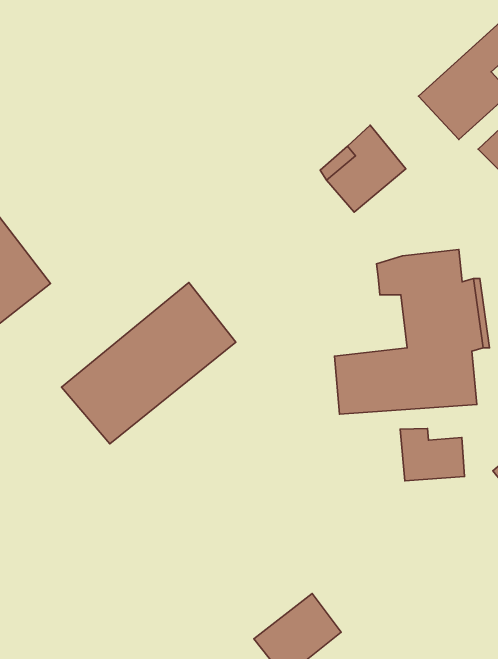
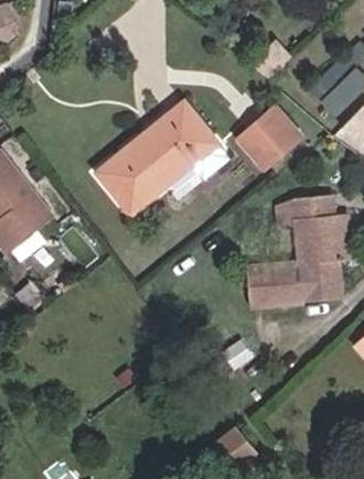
building: [61,282,236,444] -> [95,104,214,214]
building: [400,429,464,481] -> none

